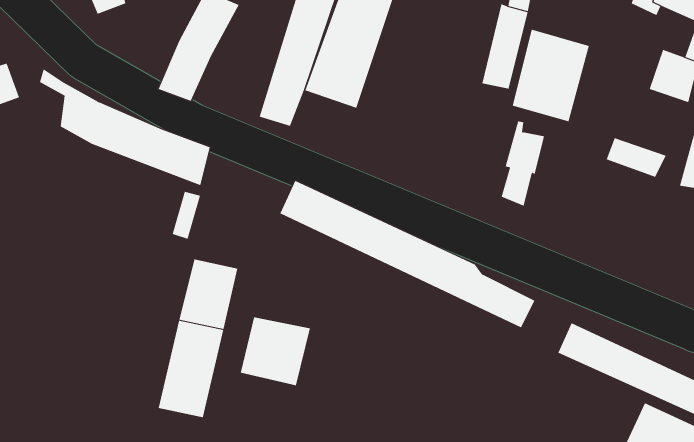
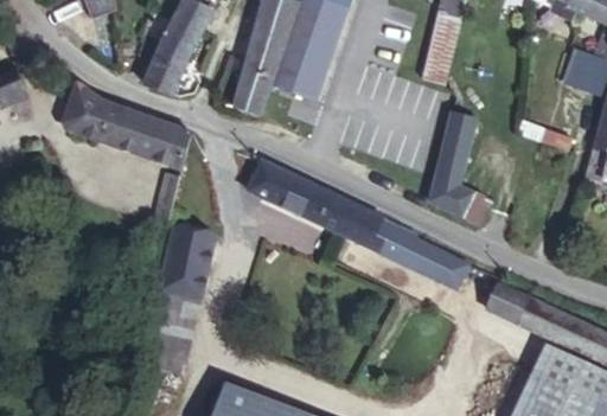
building: [512,29,590,122] -> none
building: none -> [429,174,492,224]
building: [240,316,311,386] -> none

